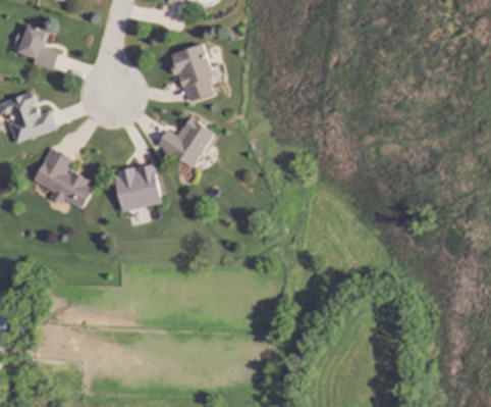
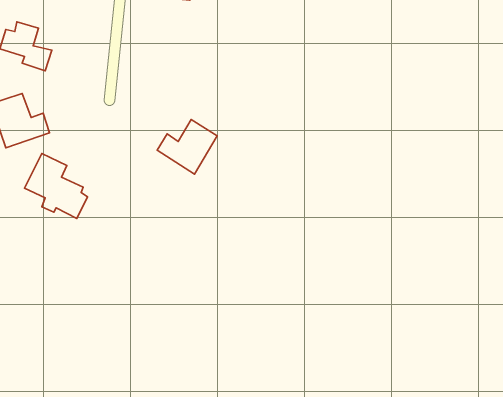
building: [169,43,213,101] -> none
building: [112,164,161,211] -> none

